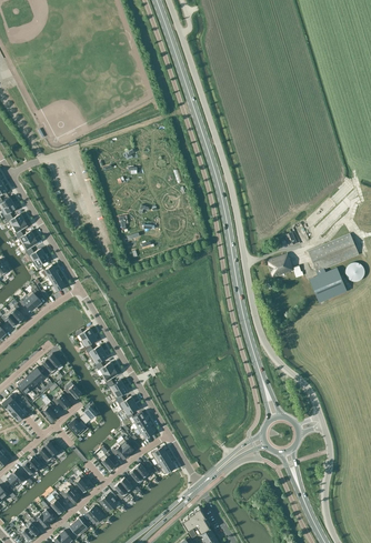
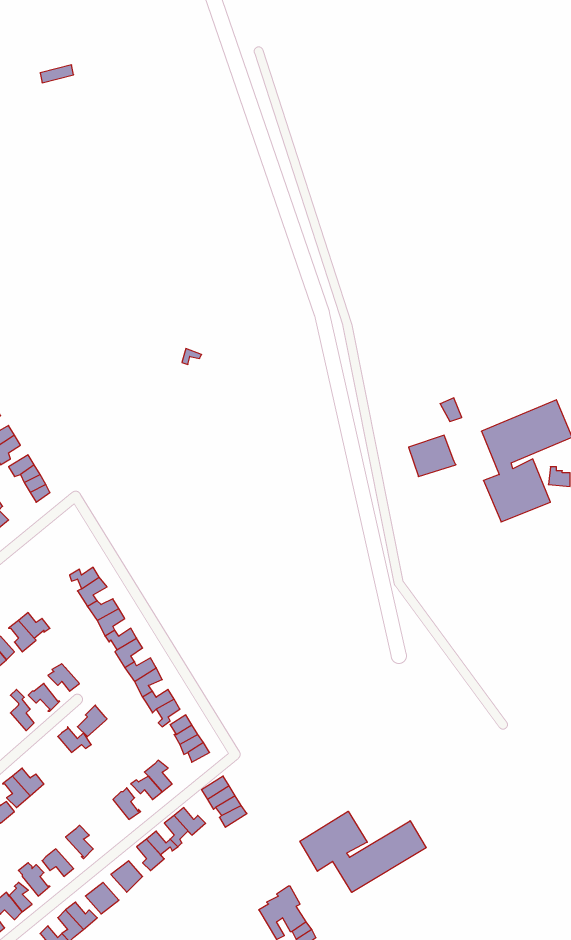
building: none -> [300,811,426,892]

